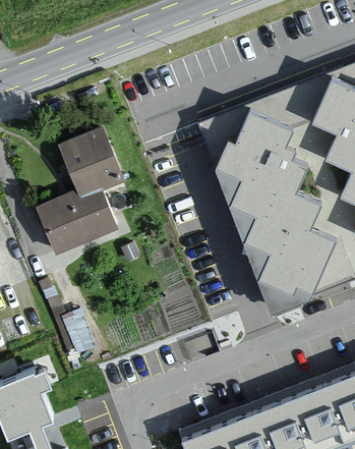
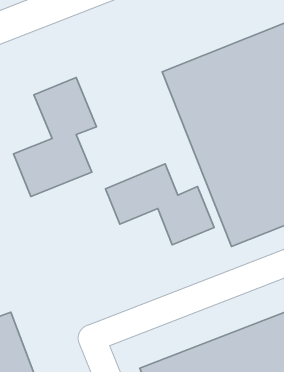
building: none -> [105,164,214,245]

